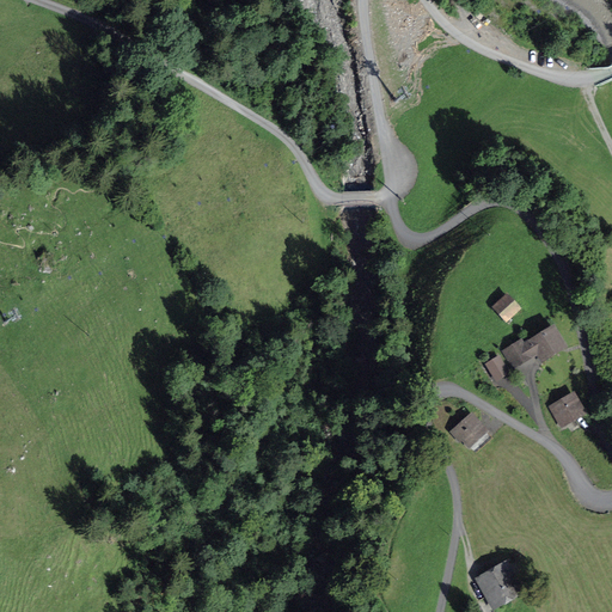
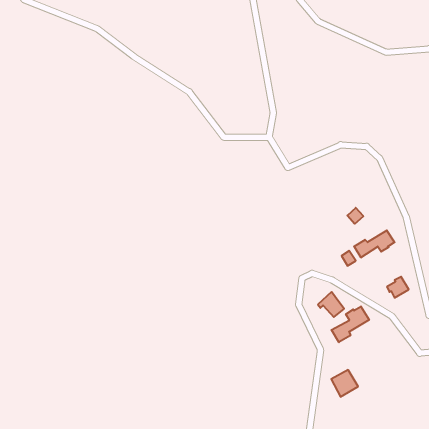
building: none -> [331,306,369,342]
building: [479,565,518,604] -> [331,370,358,397]

